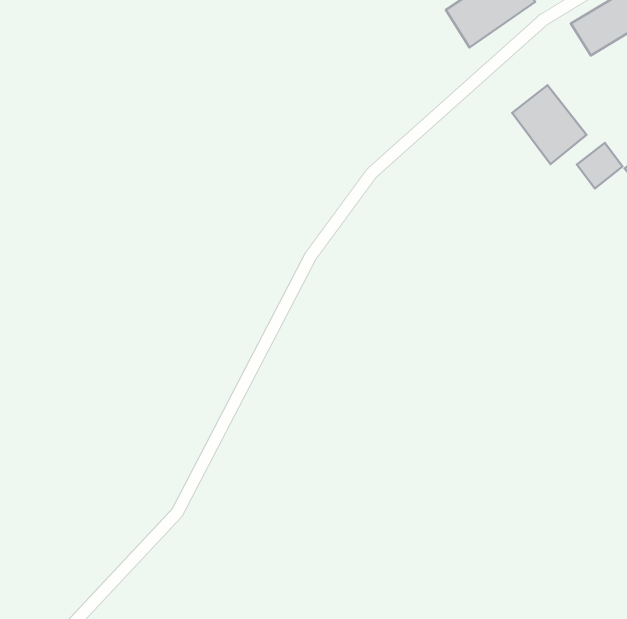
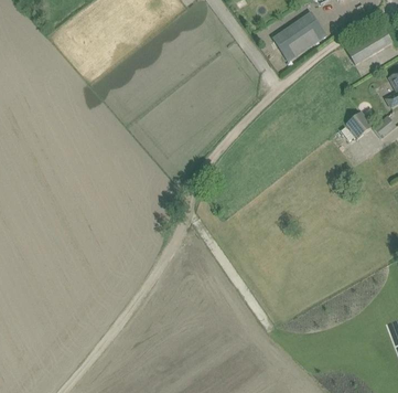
building: [512,85,587,164] -> none

